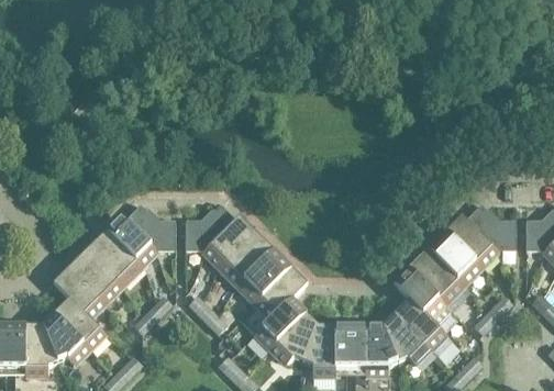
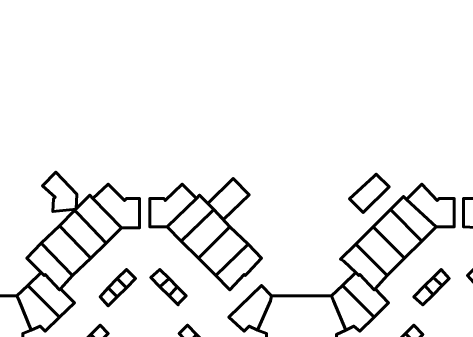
building: none -> [43,172,77,211]
building: none -> [350,174,389,213]
building: none -> [208,179,249,220]
building: [256,300,307,348] -> none

